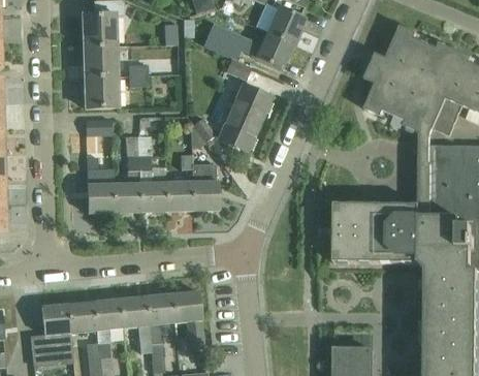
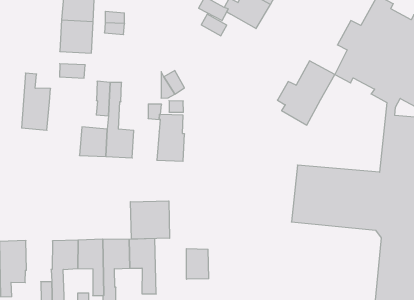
building: [215,86,270,151] -> [277,61,335,125]
building: [88,157,115,213] -> [22,73,51,130]
building: [167,182,193,211] -> none
building: none -> [130,201,170,239]
building: none -> [187,249,209,279]
building: [68,302,97,334] -> none

